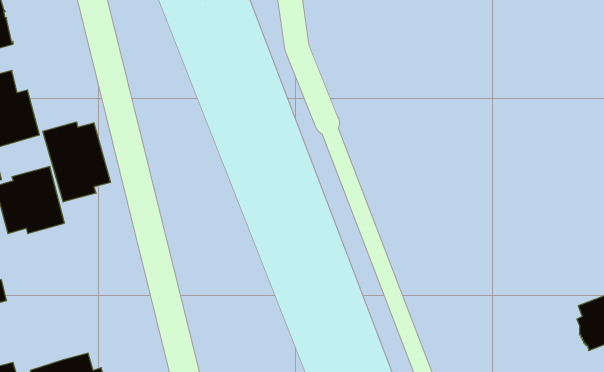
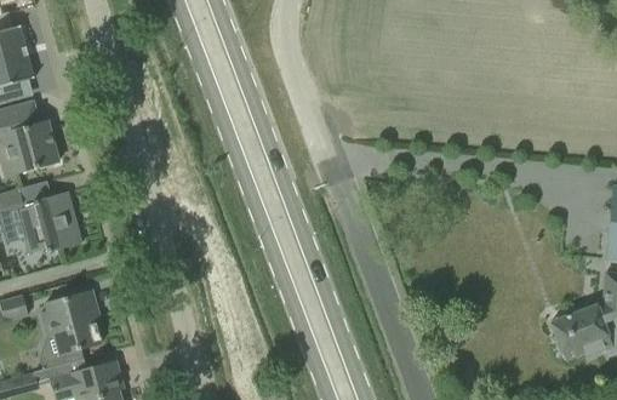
building: [43,122,110,202] -> none
building: none -> [38,288,99,368]

